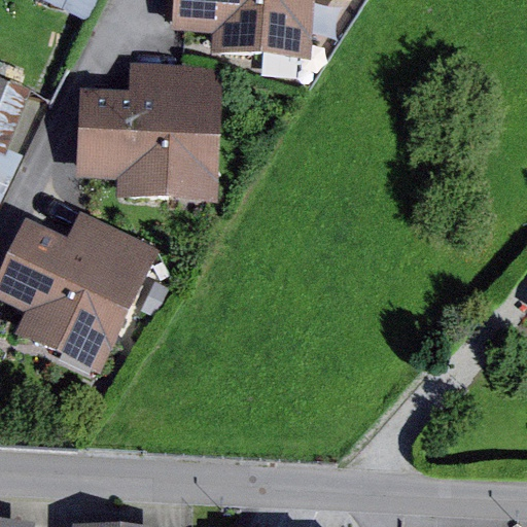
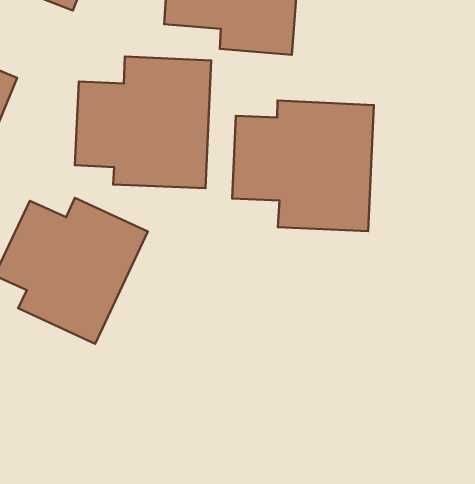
building: none -> [232,100,374,231]

